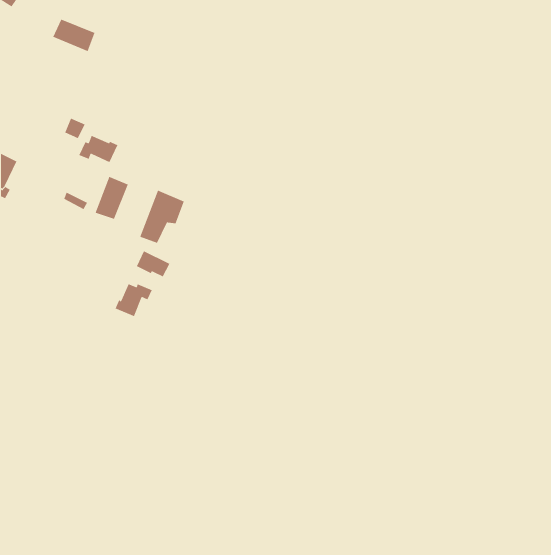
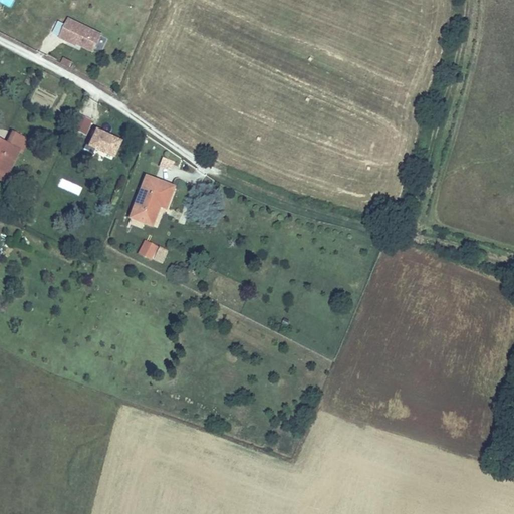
building: [95,176,129,220] -> none
building: [115,283,153,317] -> none

